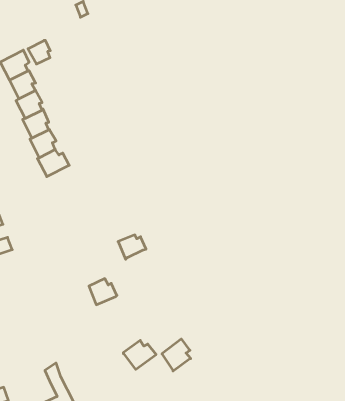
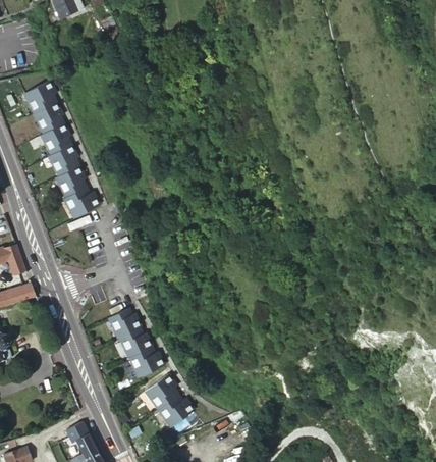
building: [28,40,50,64] -> none
building: [118,235,146,259] -> [109,311,140,338]
building: none -> [127,347,162,376]
building: [162,339,191,371] -> [145,373,176,408]

